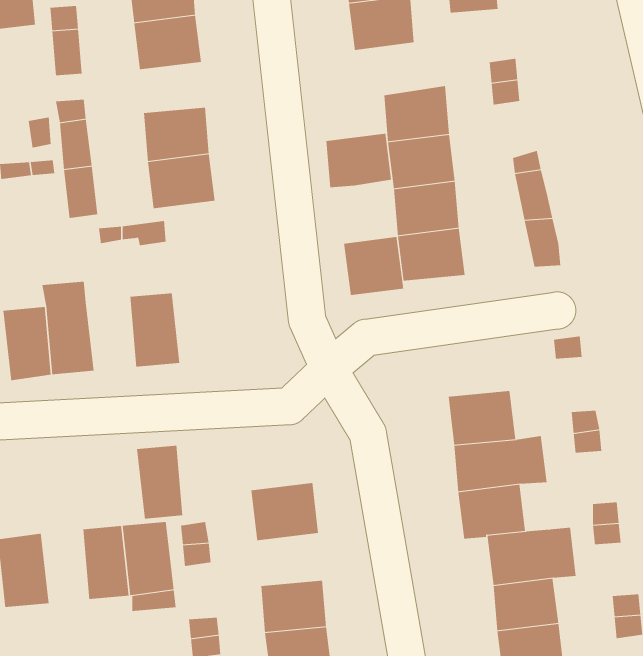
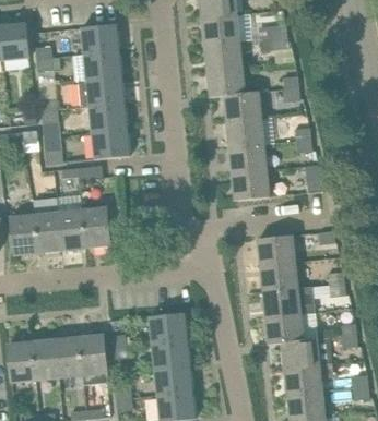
building: none -> [80,77,125,107]
building: [326,133,392,188] -> [208,67,245,97]
building: [343,236,404,296] -> none
building: none -> [58,208,85,250]
building: none -> [258,234,295,264]
building: [136,445,183,519] -> [33,338,59,380]
building: none -> [153,340,190,370]

